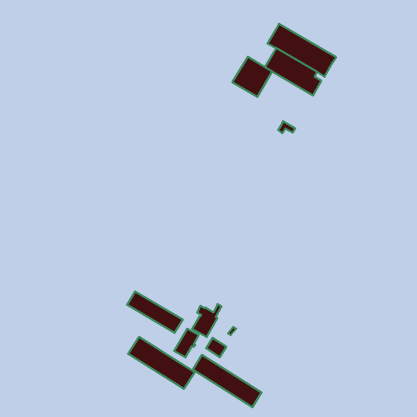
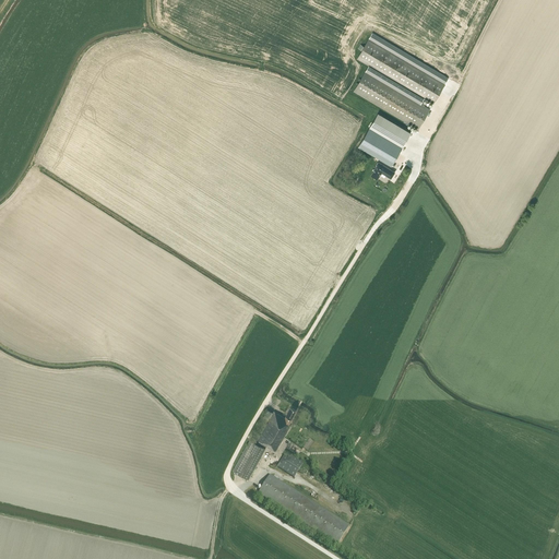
building: [232,57,272,97] -> [358,111,412,165]
building: [127,291,183,333] -> none
building: [128,337,195,389] -> none

